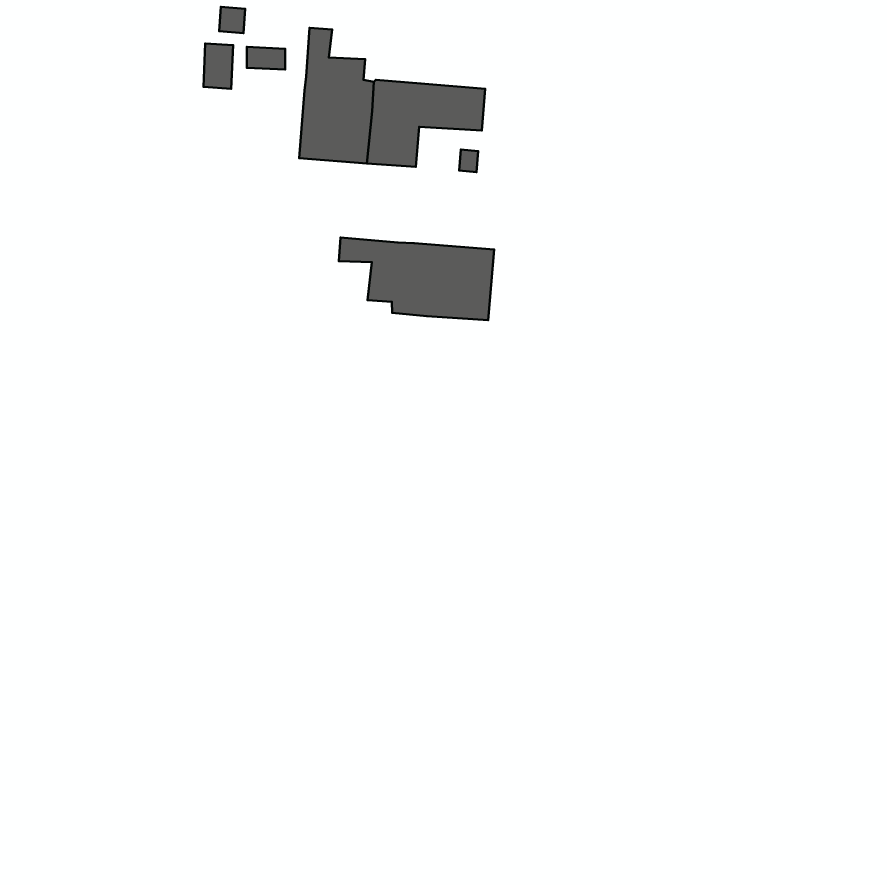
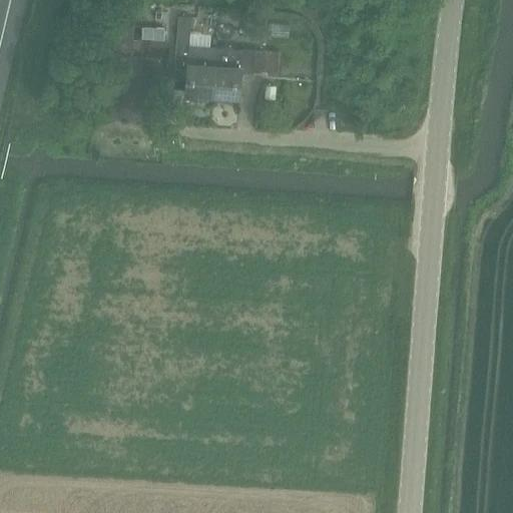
building: [339,237,494,320] -> none

